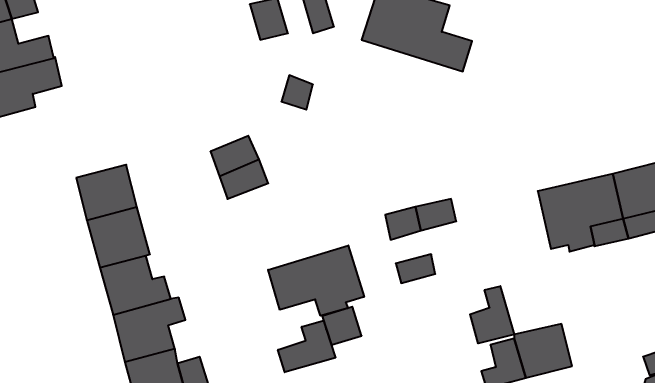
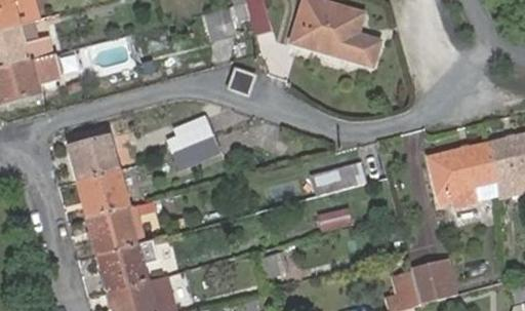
building: [268,245,364,316] -> none
building: [470,286,514,343] -> none
building: [278,321,335,372] -> none

